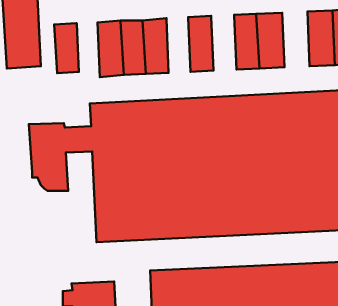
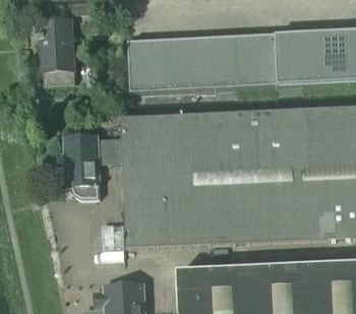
building: none -> [300,32,325,83]
building: none -> [234,35,257,86]
building: none -> [192,37,215,88]
building: [54,23,79,73] -> none

